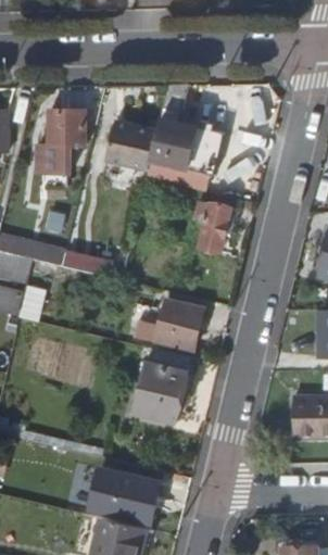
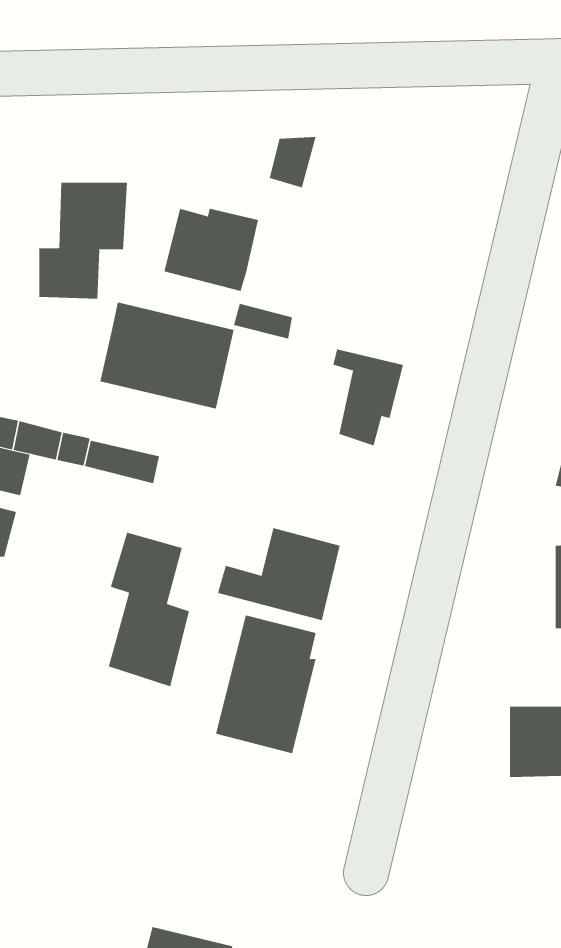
building: [151,115,225,174] -> [99,302,234,409]
building: none -> [108,532,190,687]
building: [90,467,161,524] -> none

